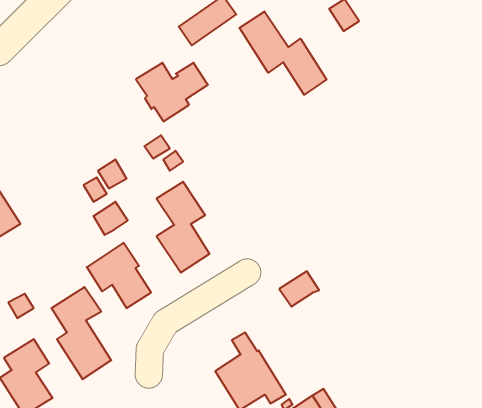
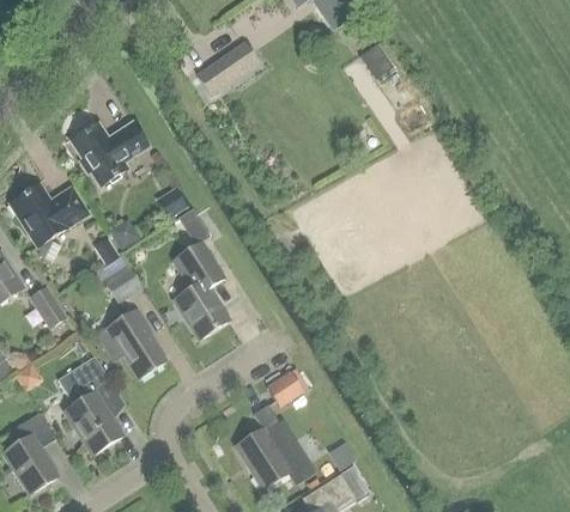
building: [240,11,327,95] -> none
building: [136,63,208,121] -> [71,122,148,185]
building: none -> [10,183,89,246]
building: none -> [31,286,67,327]
building: [279,271,319,307] -> [267,367,310,406]

